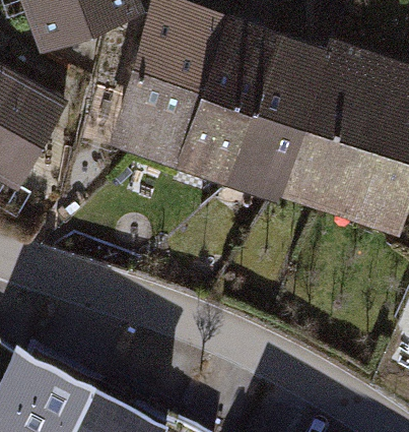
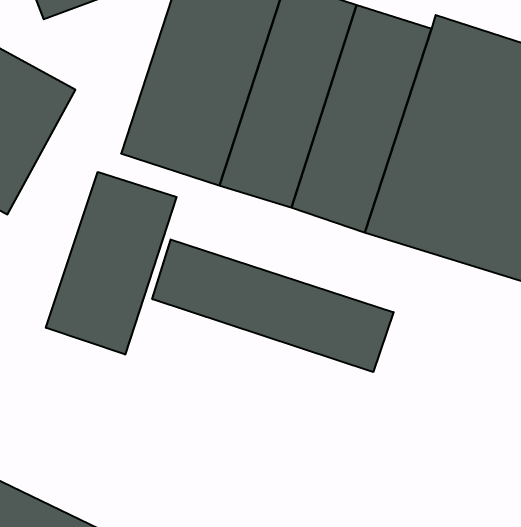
building: none -> [46,172,177,355]
building: none -> [152,239,394,372]

